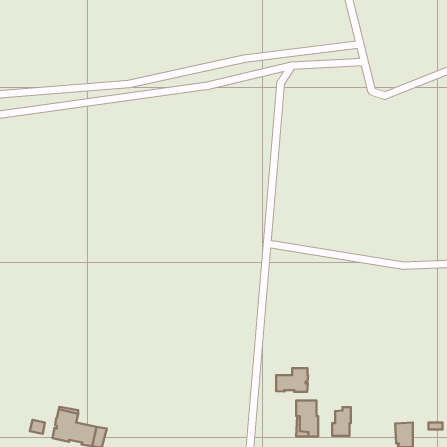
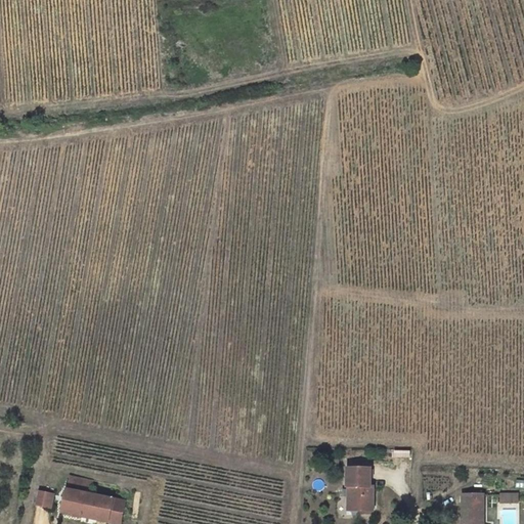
building: [276,368,308,392] -> none
building: [332,407,351,436] -> none

